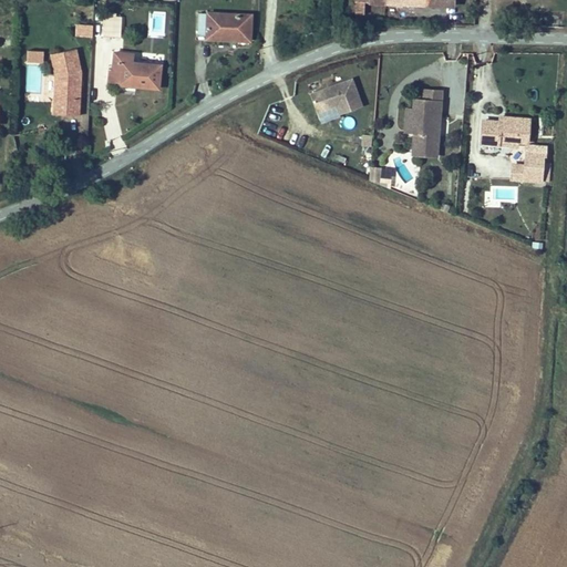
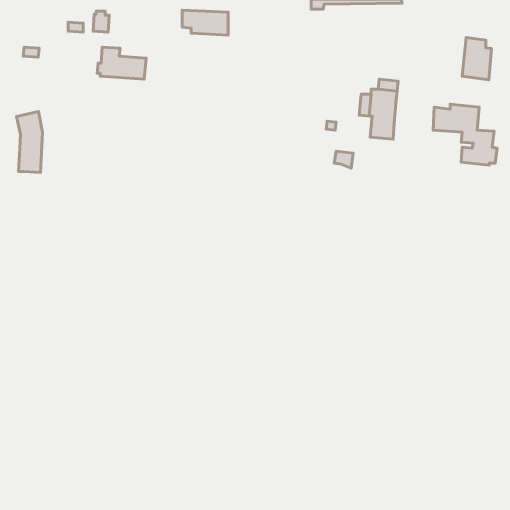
building: none -> [462,38,492,80]
building: [52,49,81,116] -> [17,111,43,172]
building: [311,78,363,114] -> none

